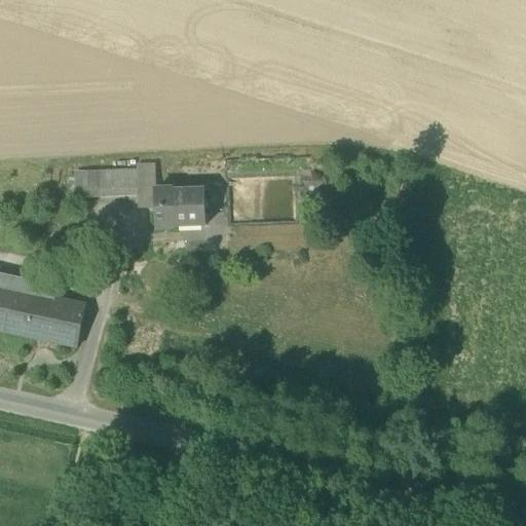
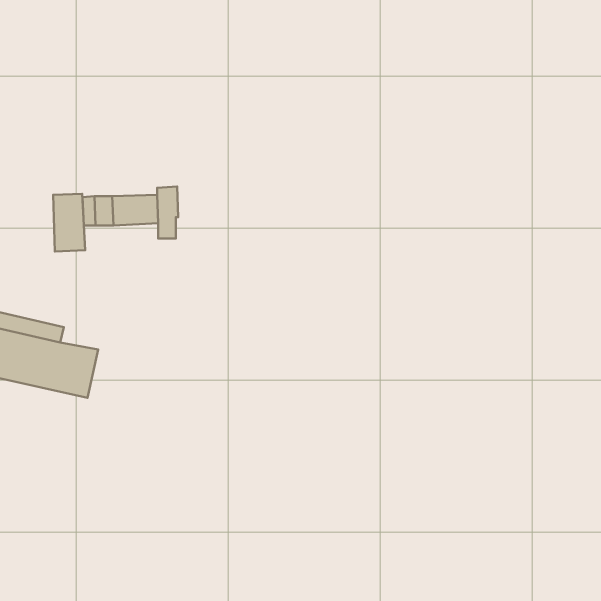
building: none -> [53,194,85,251]
building: [153,188,204,228] -> none

